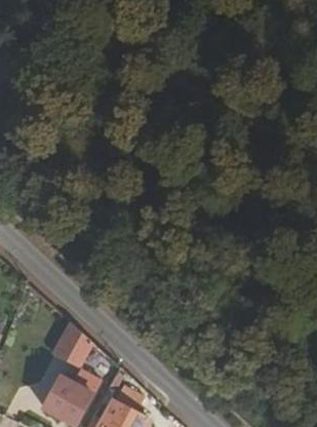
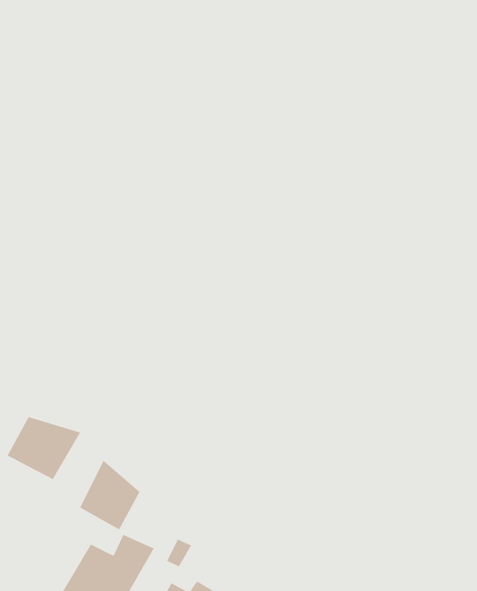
building: none -> [7,416,81,480]

